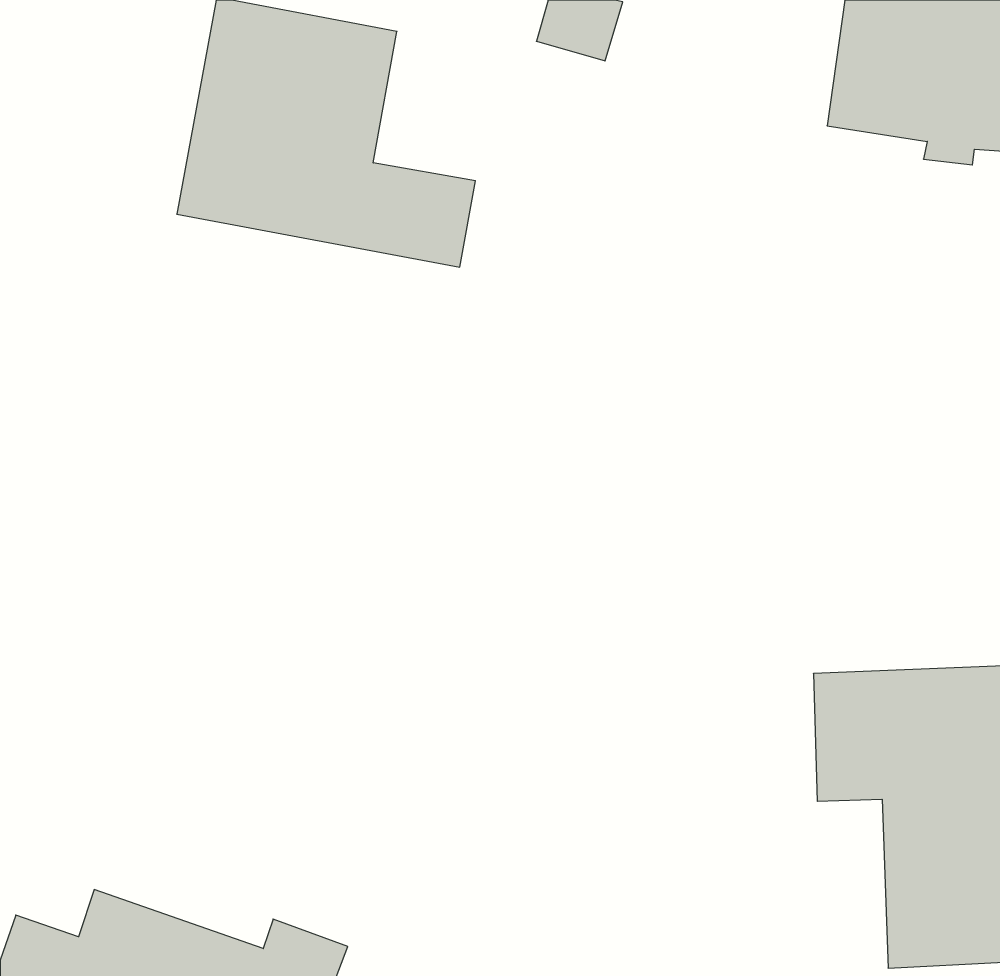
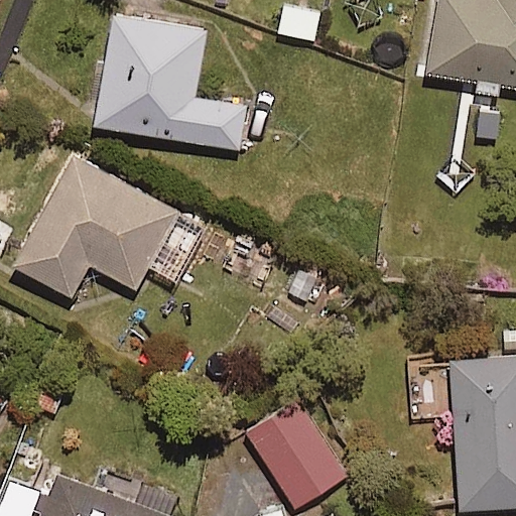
building: none -> [12,153,178,296]
building: none -> [246,399,347,511]

